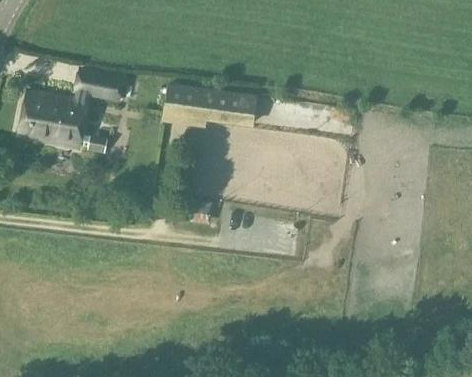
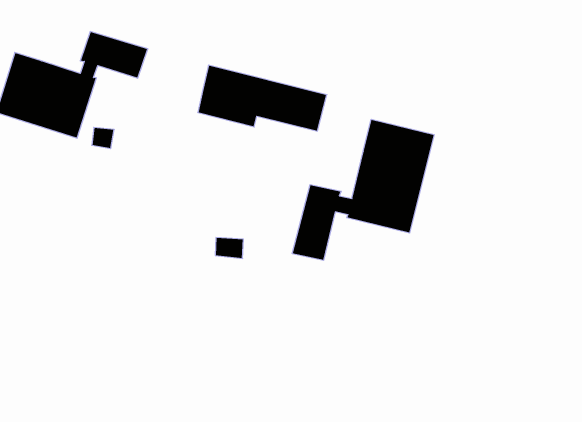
building: none -> [292,119,434,260]

